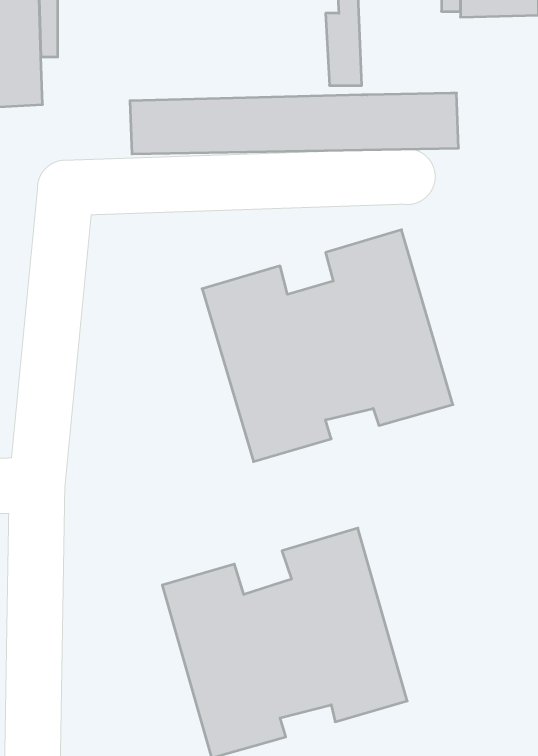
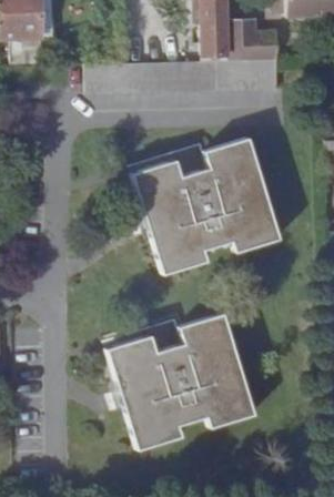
building: none -> [229,16,279,59]

